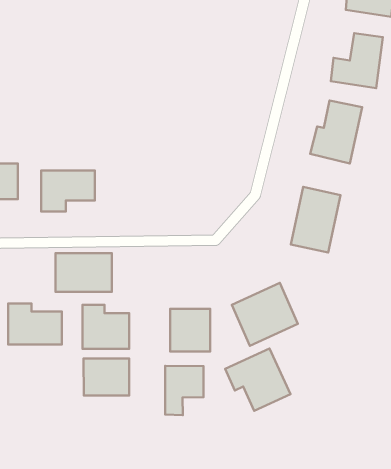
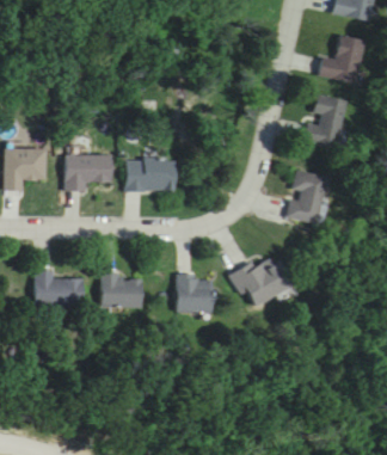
building: [55,253,112,292] -> [127,159,176,192]
building: [225,349,290,411] -> none
building: [84,359,129,396] -> none
building: [165,366,203,415] -> none

